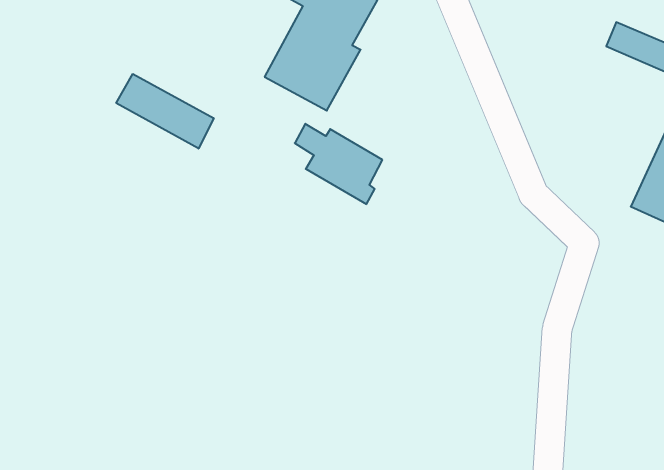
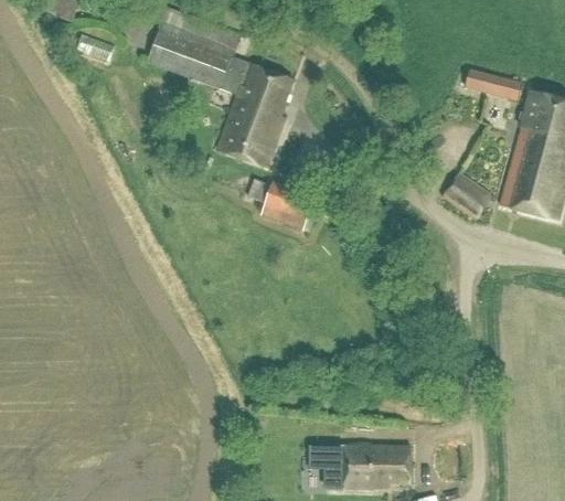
building: [116,74,214,149] -> none
building: none -> [441,172,491,218]

